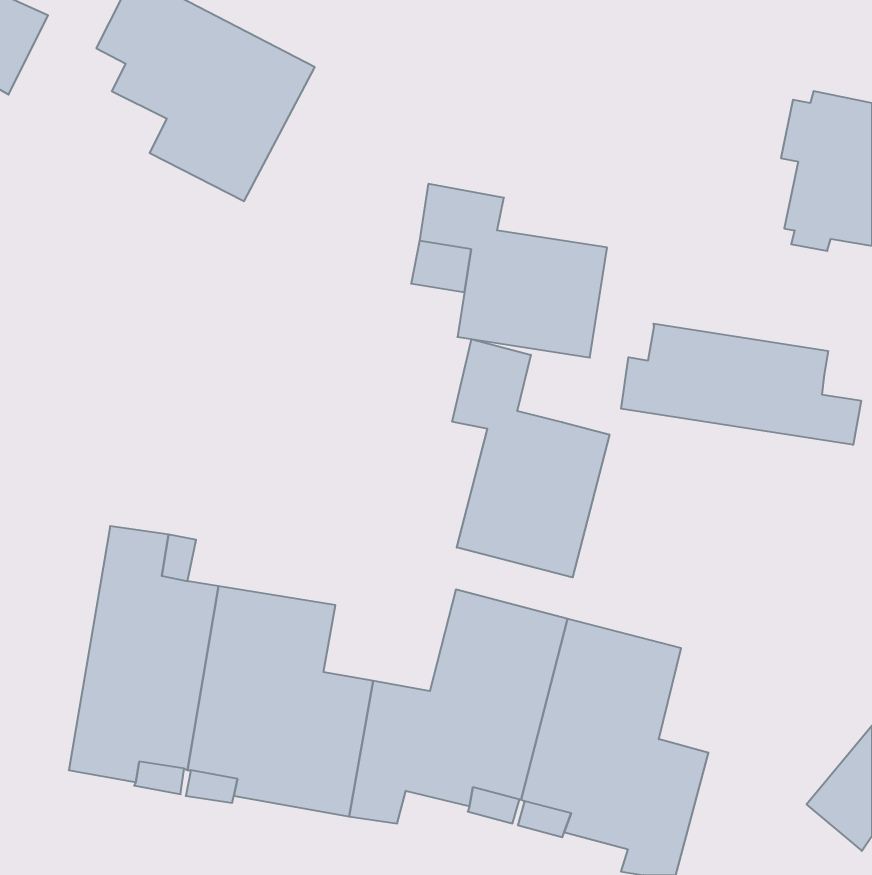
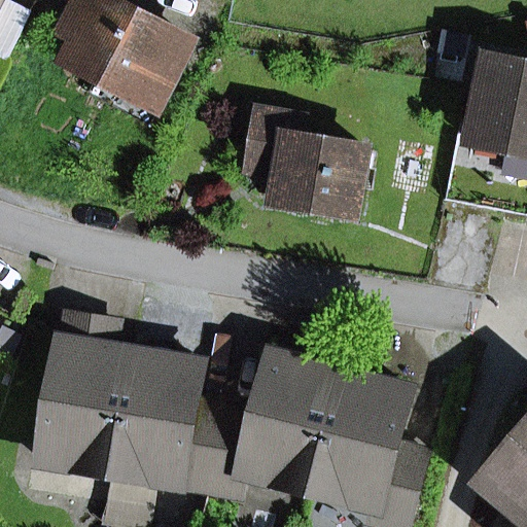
building: [621,324,861,445] -> none
building: [452,339,609,577] -> none

